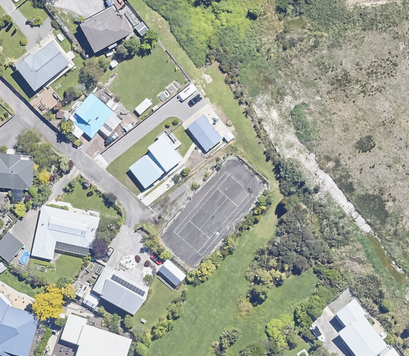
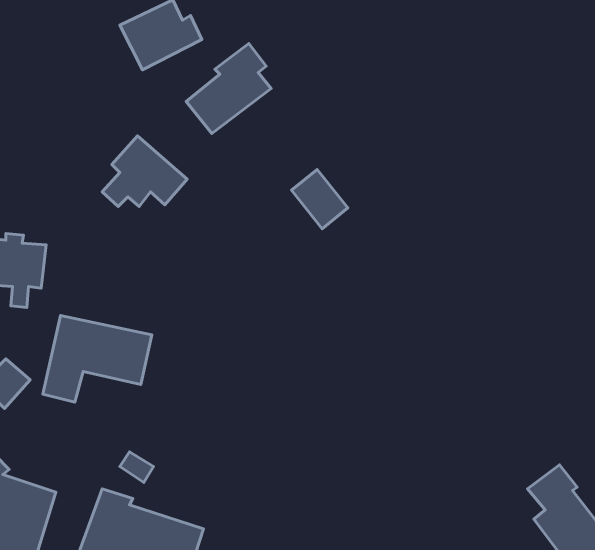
building: [17,40,72,89] -> none
building: [128,131,181,187] -> [186,44,271,133]
building: [97,268,148,314] -> none

